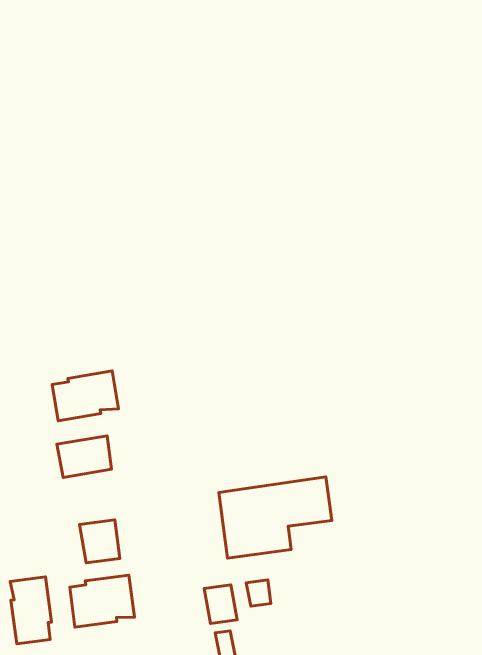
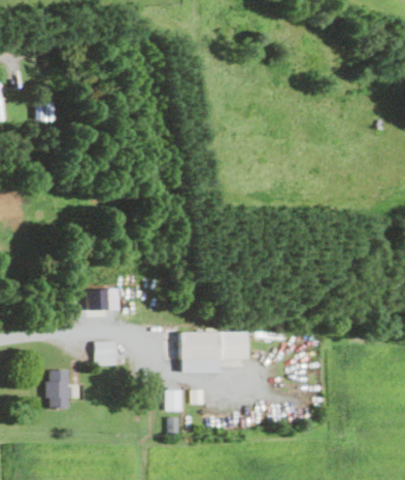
building: [52,371,118,421] -> none
building: [70,575,134,627] -> none

